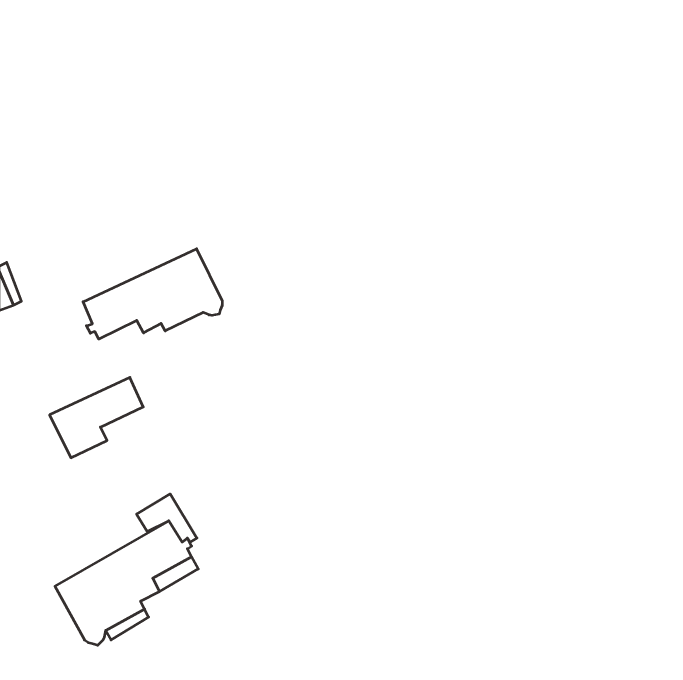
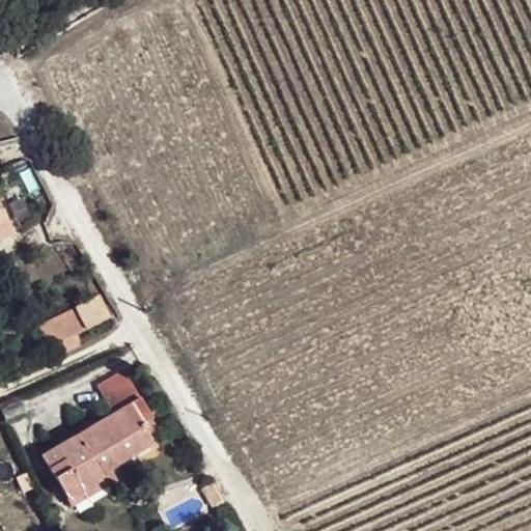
building: [83,249,222,339] -> none

